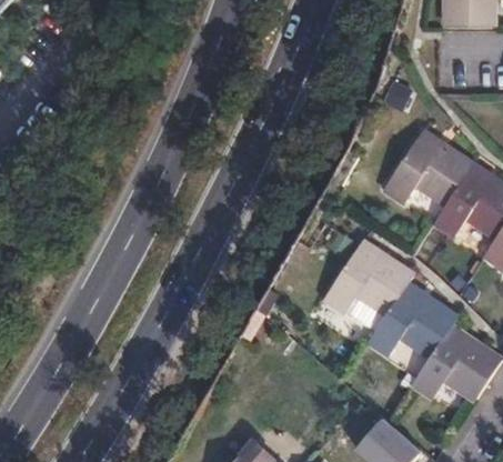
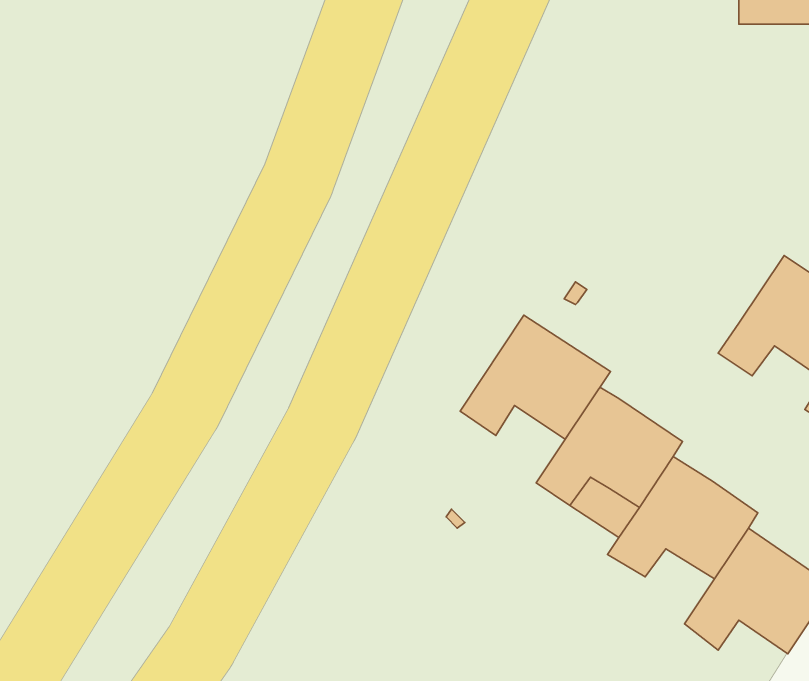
building: [382,131,471,204] -> [460,315,610,439]

